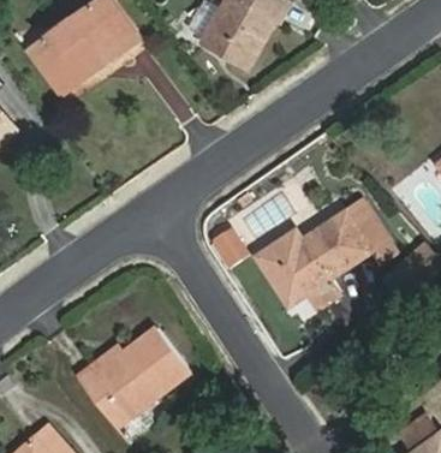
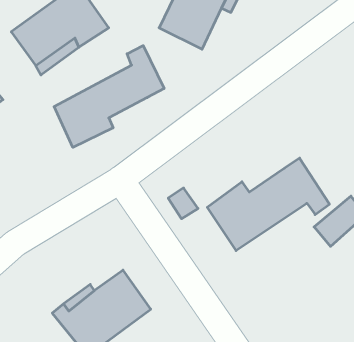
building: none -> [54,46,164,147]

